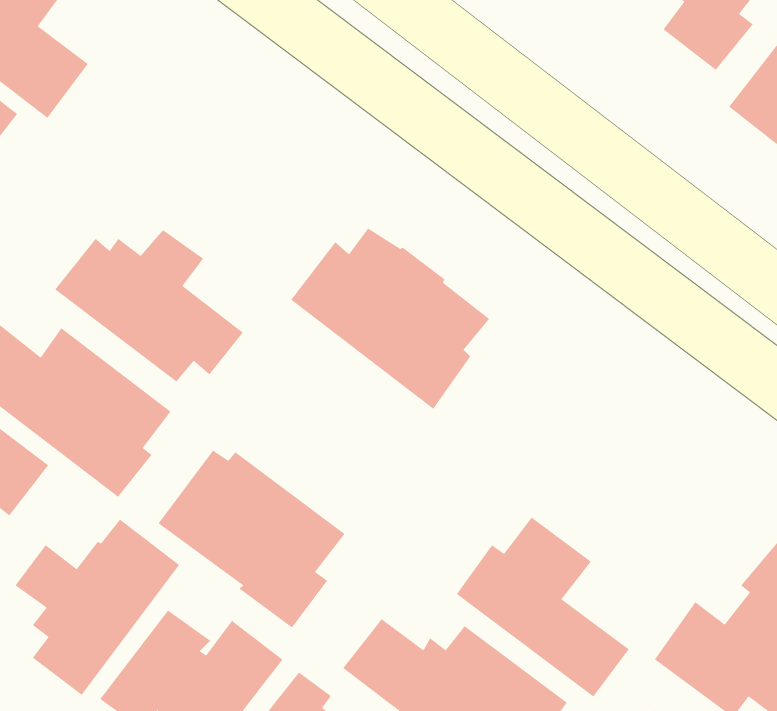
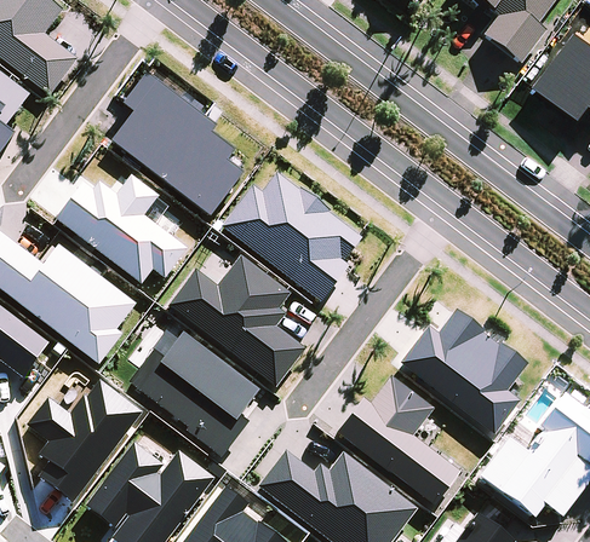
building: none -> [113,71,244,215]
building: none -> [170,254,304,384]
building: none -> [399,309,526,432]

